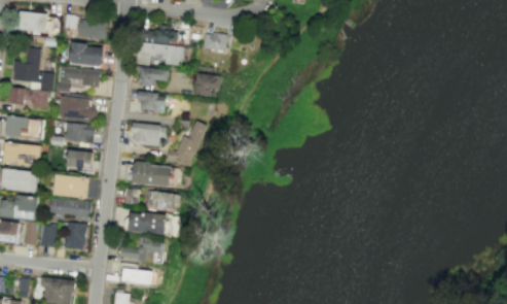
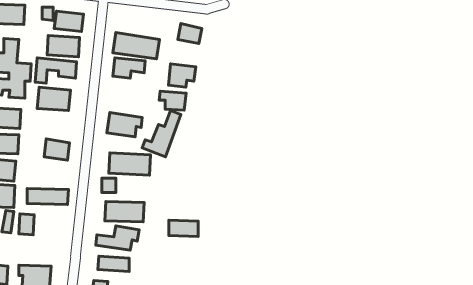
building: [145,27,179,42] -> none
building: [137,92,165,111] -> [159,91,186,110]
building: [67,123,94,141] -> none
building: [53,175,88,197] -> none
building: [147,192,177,208] -> [169,220,198,236]
building: [64,222,86,249] -> none

